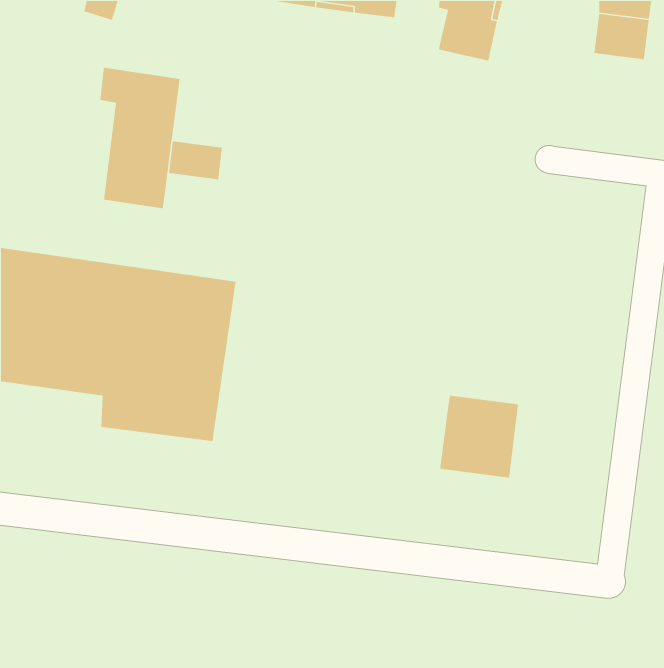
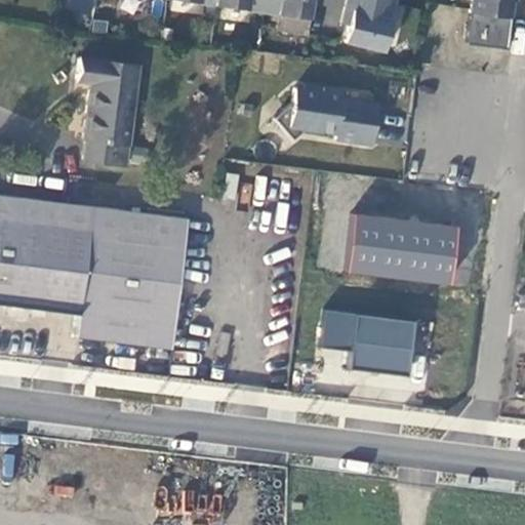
building: none -> [275,84,378,140]
building: [168,141,223,180] -> none
building: none -> [348,214,462,284]
building: none -> [321,312,355,353]

